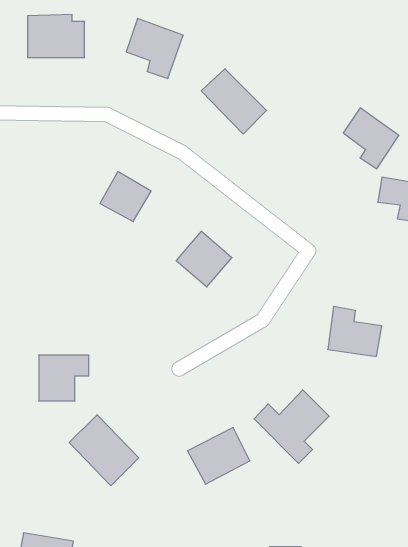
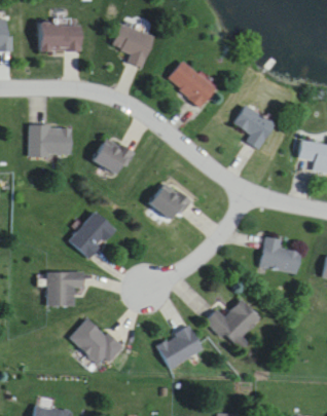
building: [343,108,399,169] -> [232,105,274,150]
building: none -> [29,125,70,155]
building: none -> [68,211,115,259]

